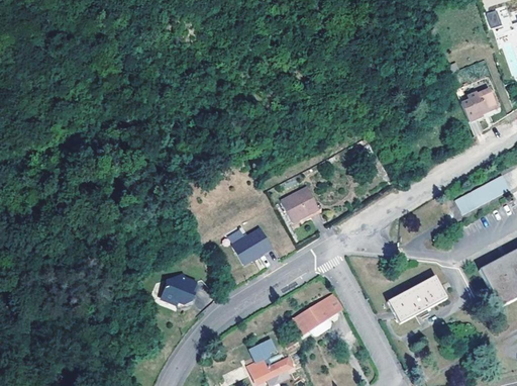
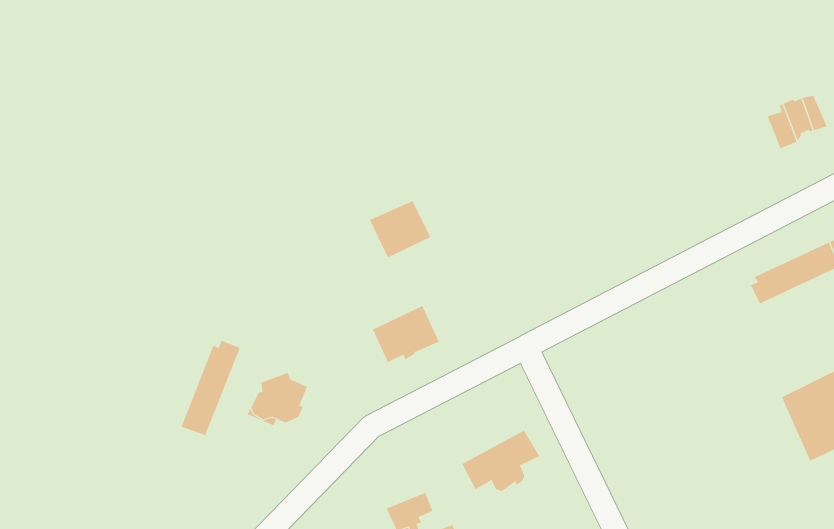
building: [282,185,319,220] -> [369,200,431,258]
building: none -> [181,340,241,436]
building: [388,276,447,323] -> none

